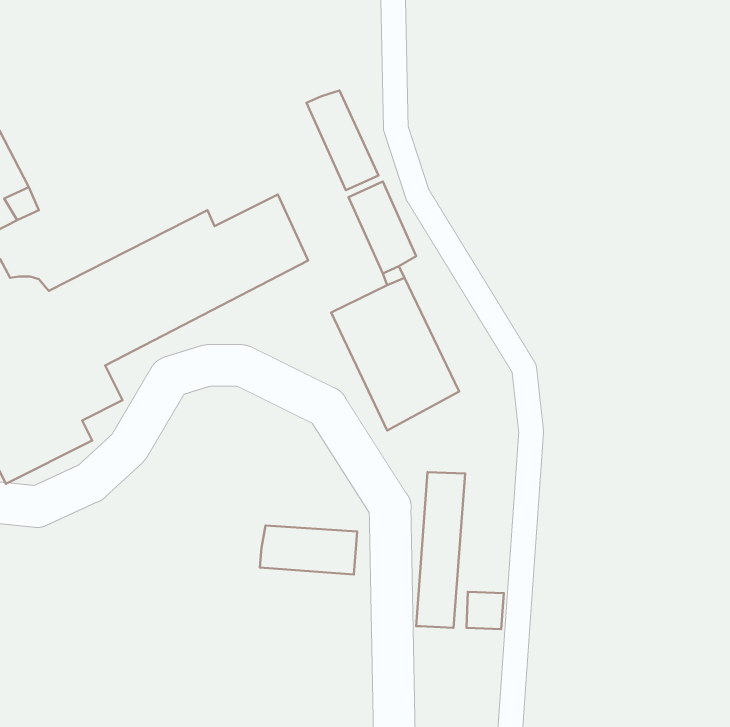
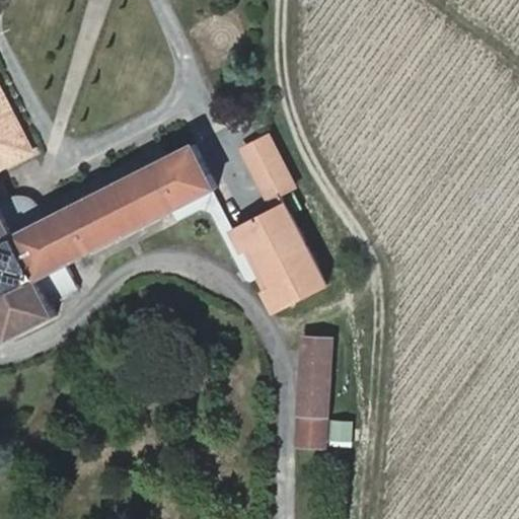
building: [306,90,379,190] -> none
building: [260,525,357,575] -> none

